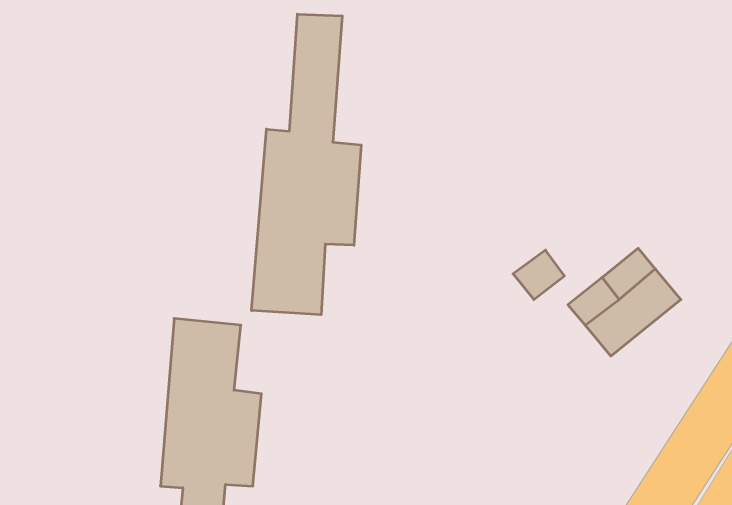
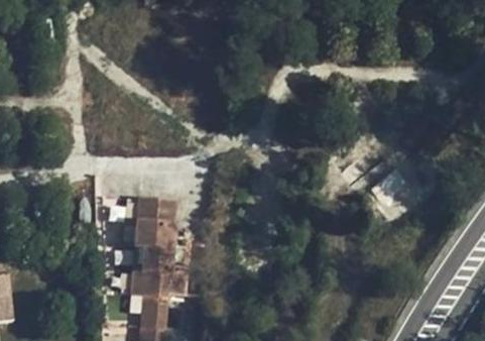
building: [252,14,361,315] -> none

